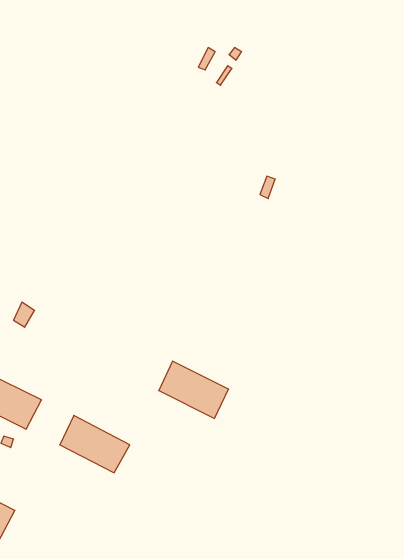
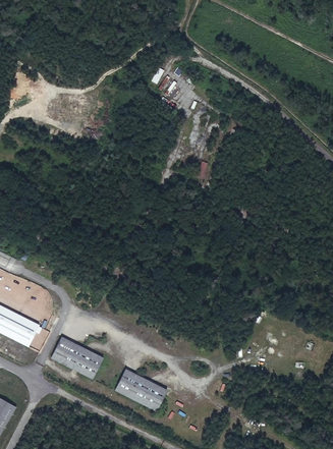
building: [159,361,229,418] -> [114,367,165,408]

